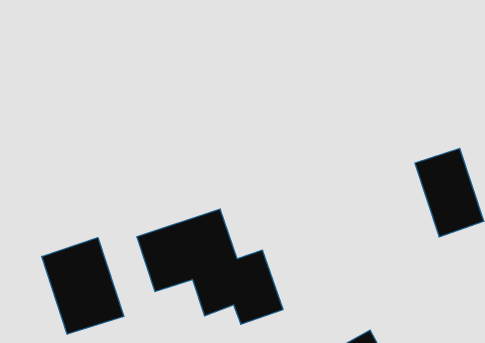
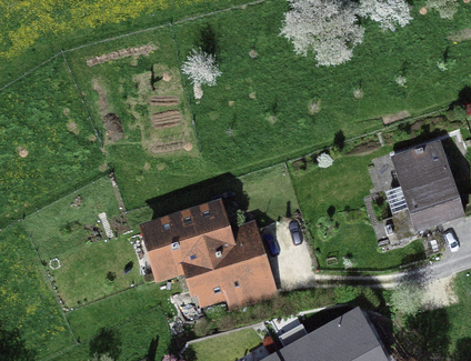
building: [42,238,124,334] -> none

